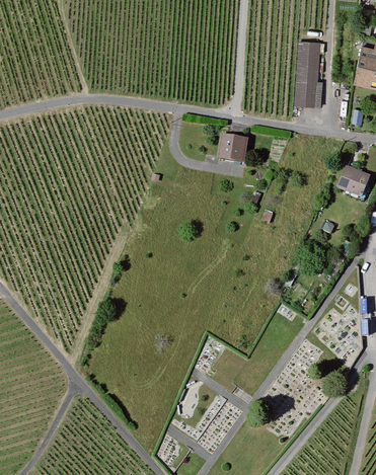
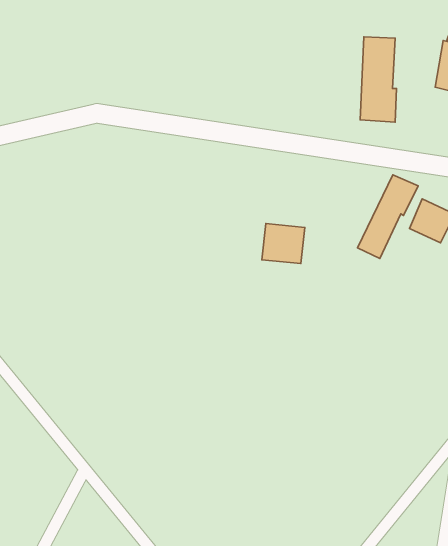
building: [213,133,246,164] -> [262,223,305,264]
building: none -> [358,175,418,259]

